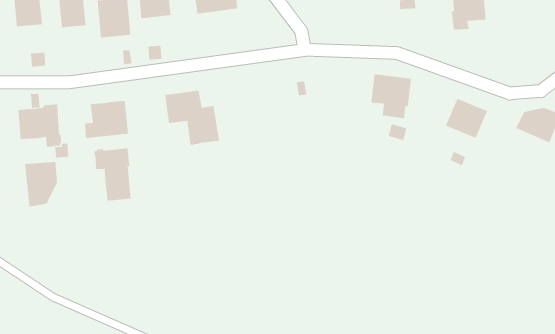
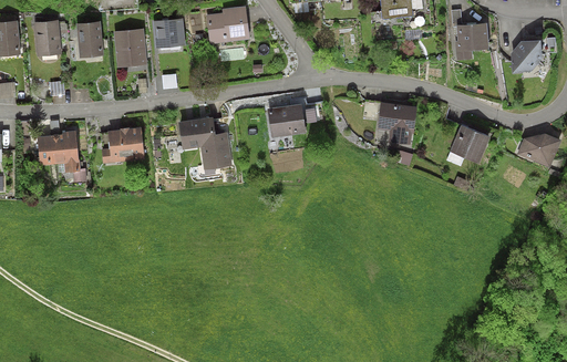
building: none -> [511,40,542,73]
building: none -> [266,103,305,138]
building: [94,148,131,202] -> none
building: [25,161,57,207] -> none

